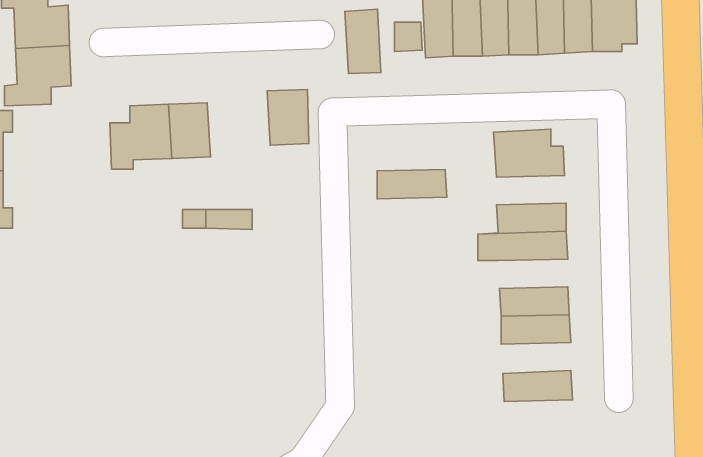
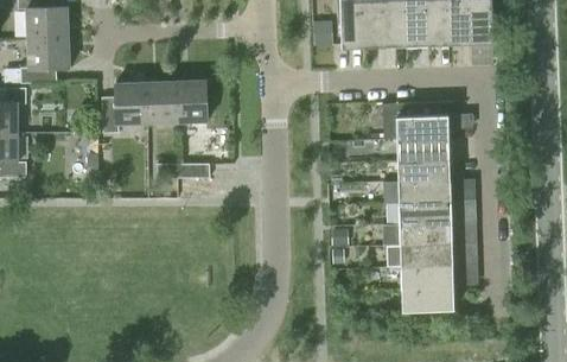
building: [345,9,381,73] -> none
building: [267,89,309,145] -> [174,81,206,123]
building: [377,169,447,199] -> [396,138,450,160]
building: none -> [397,202,451,224]
building: none -> [400,266,453,290]

